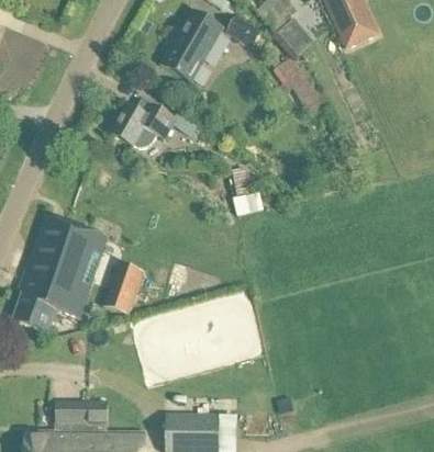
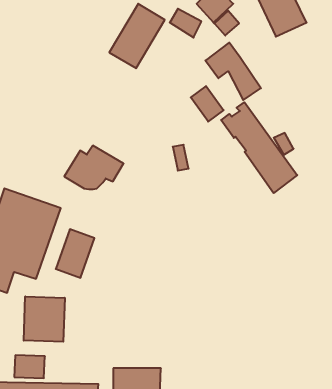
building: [111,101,177,149] -> [64,146,124,189]
building: none -> [191,86,224,122]
building: none -> [221,102,297,193]
building: none -> [24,296,65,342]

